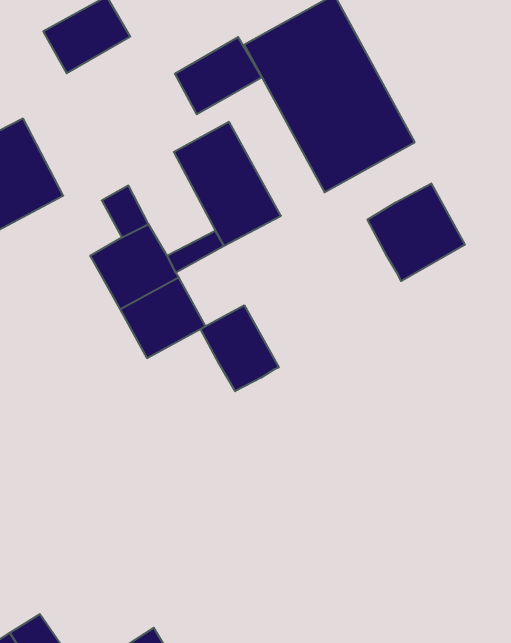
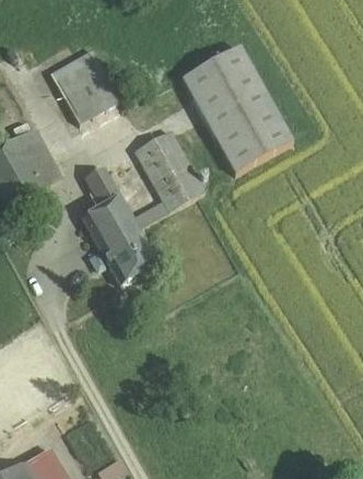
building: [175,37,262,114] -> [65,73,121,124]
building: [368,183,465,281] -> none
building: [201,305,279,391] -> none

